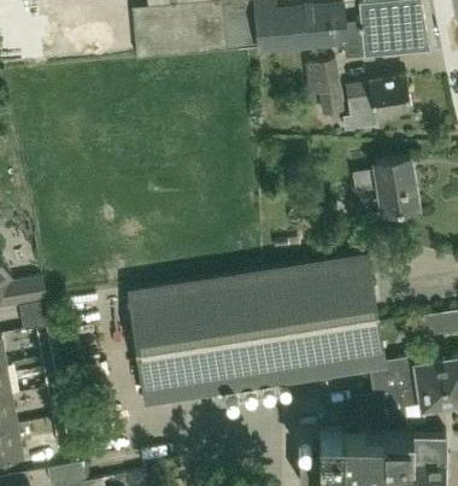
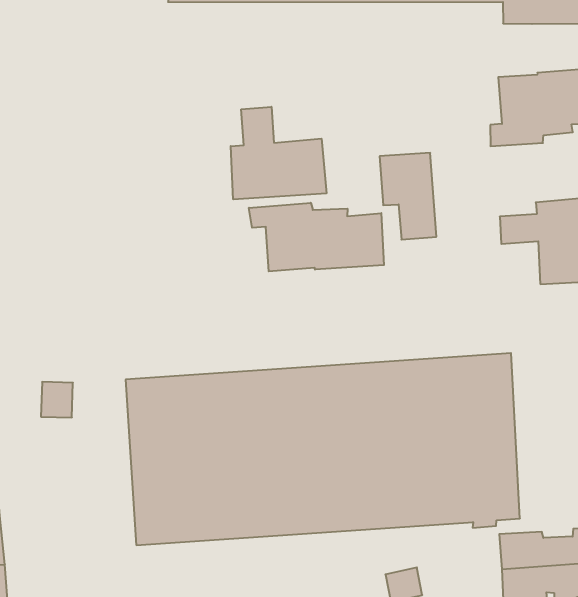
building: [304,59,344,115] -> [380,153,436,240]
building: none -> [231,107,326,199]
building: none -> [249,203,384,271]

